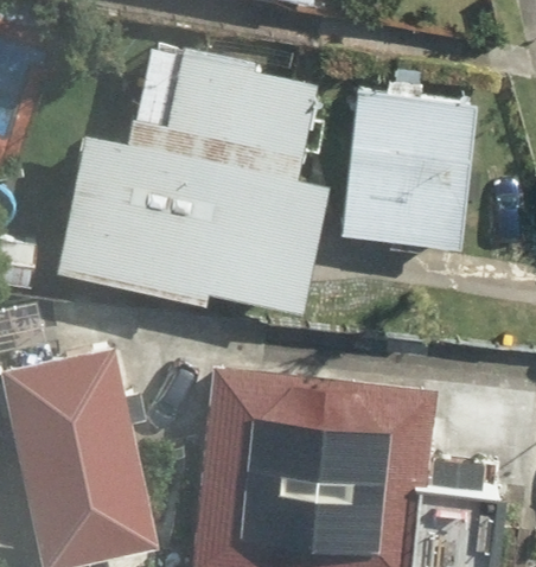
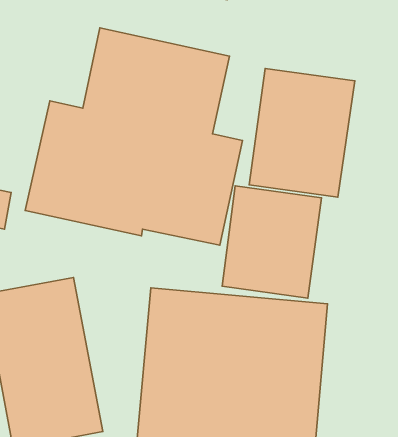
building: none -> [222,186,322,298]

